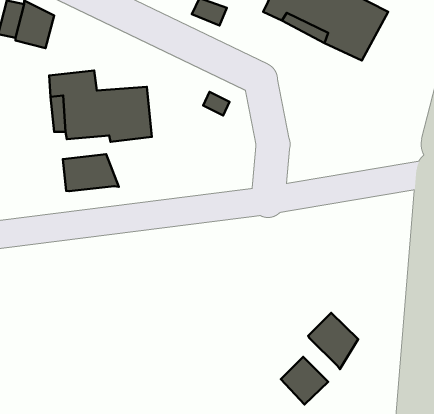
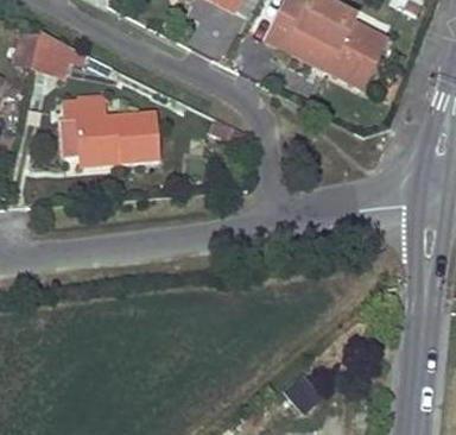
building: [63,154,119,191] -> none
building: [308,313,358,369] -> none

